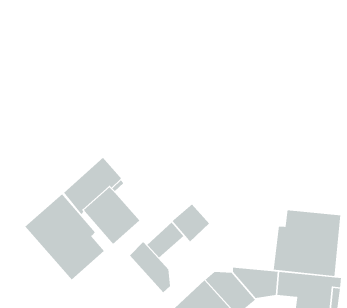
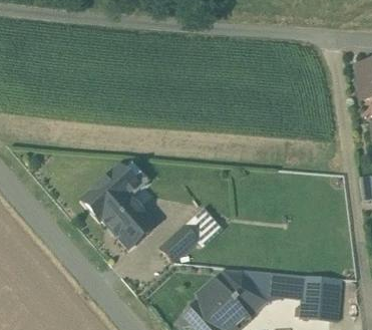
building: [24,193,105,280] -> none
building: [273,209,341,277] -> none
building: [129,241,171,293] -> none

